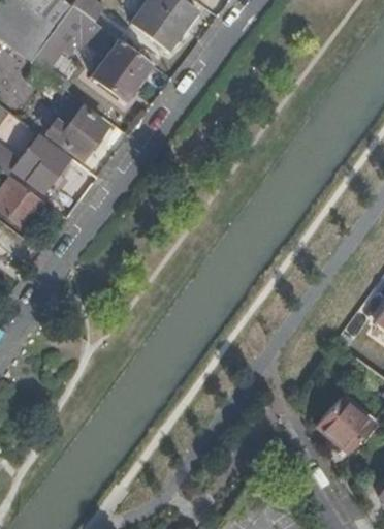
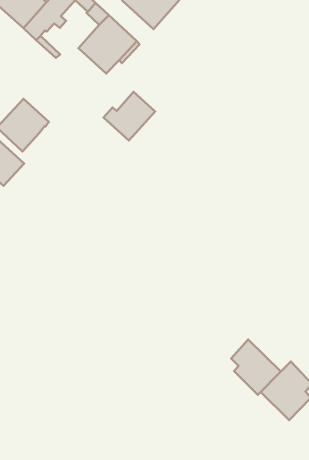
building: [53,107,106,159] -> [104,92,155,140]
building: none -> [231,340,281,395]

